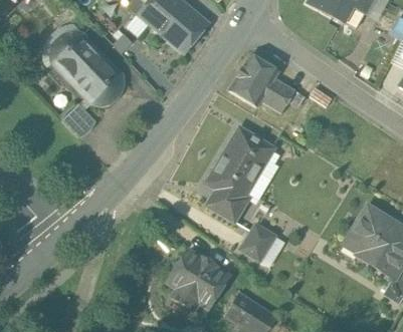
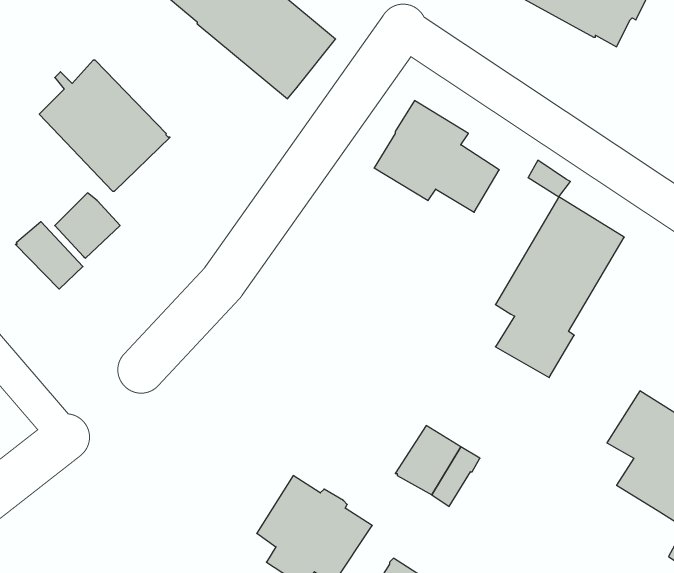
building: none -> [15,222,83,289]
building: [206,126,273,221] -> [495,197,624,378]

